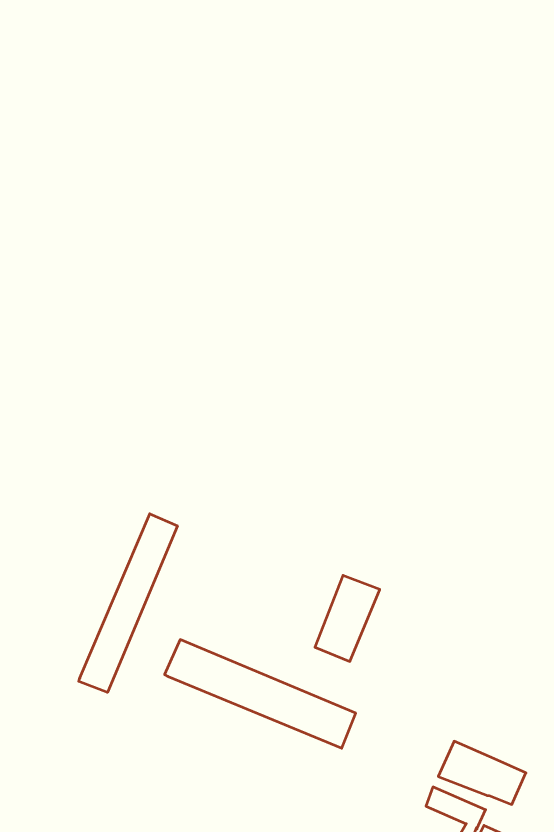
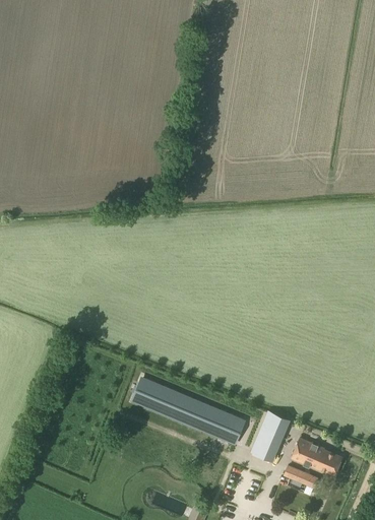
building: [79,514,177,692] -> none
building: [315,575,380,661] -> [252,411,290,461]

